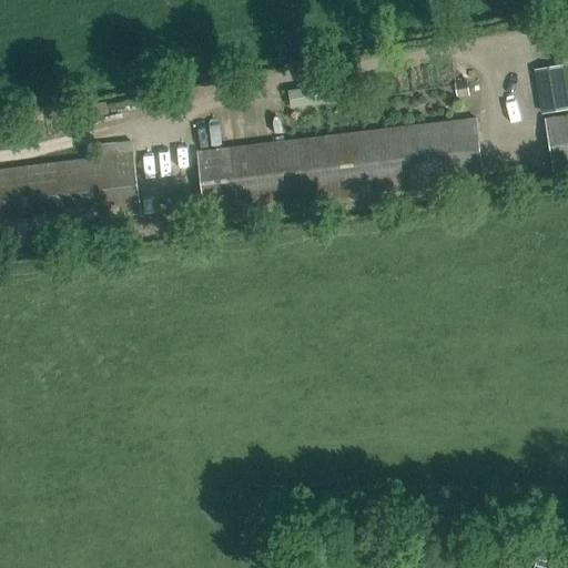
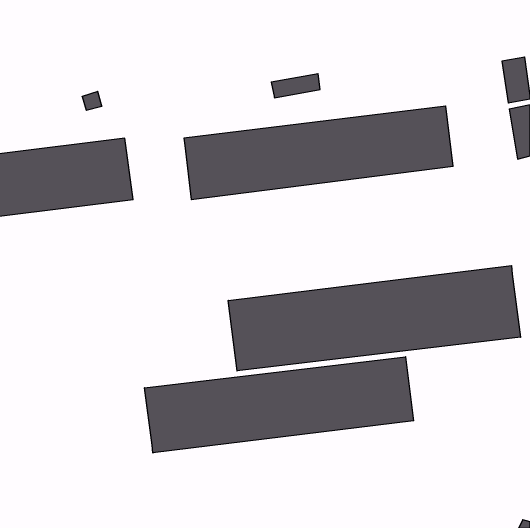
building: none -> [228,266,521,371]
building: none -> [145,357,414,453]

